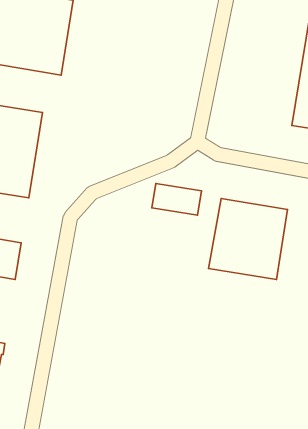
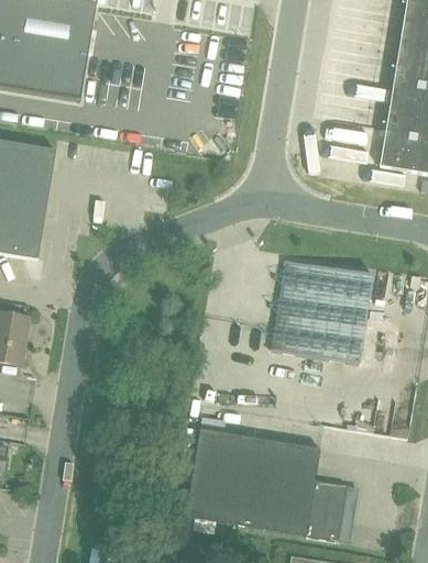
building: [152,183,201,215] -> none
building: none -> [185,428,348,541]

